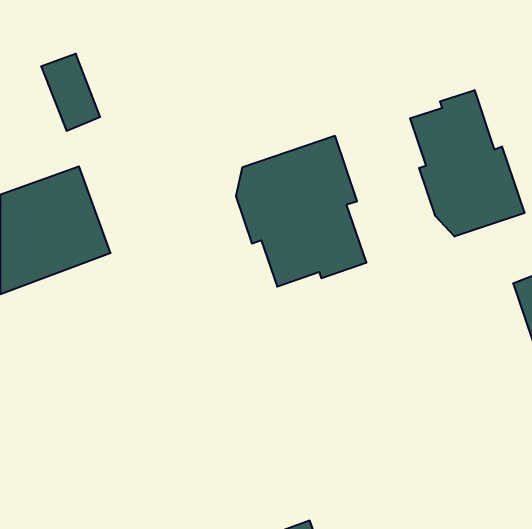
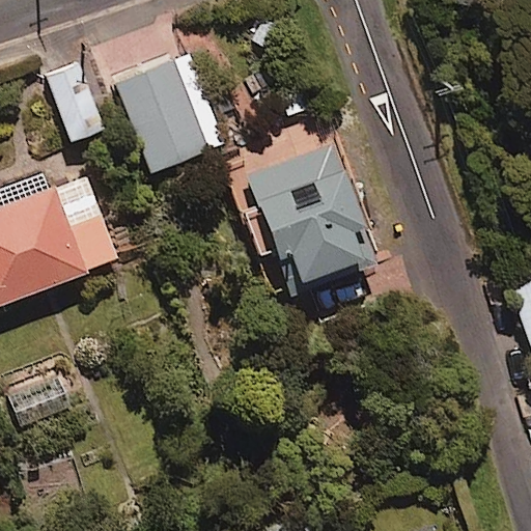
building: none -> [117,55,226,175]
building: [410,90,525,237] -> none

